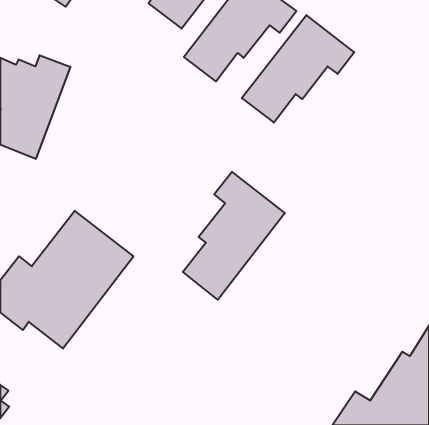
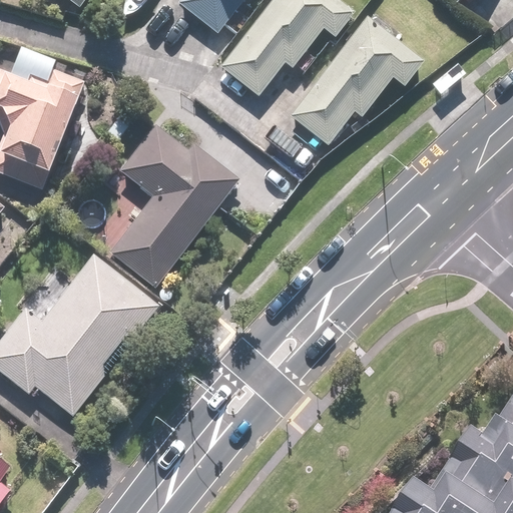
building: none -> [107,123,237,287]
building: [183,172,285,300] -> none

